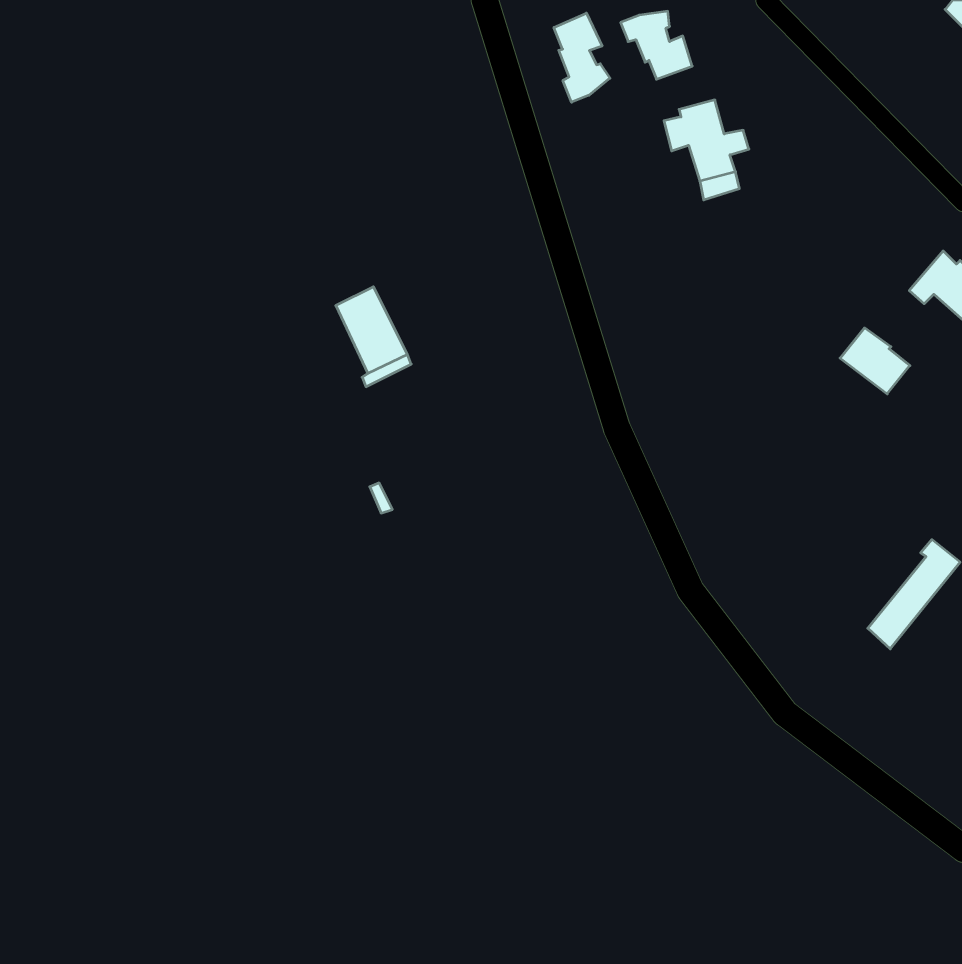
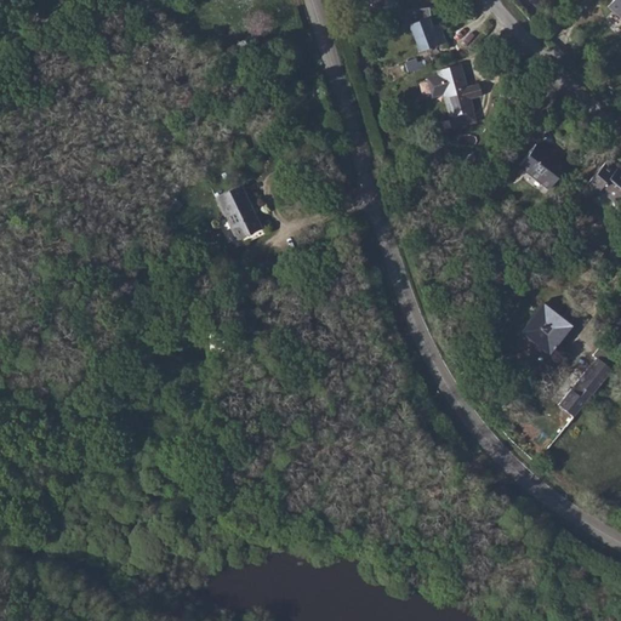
building: [554,13,610,102] -> none
building: [840,328,910,394] -> [520,144,565,187]
building: none -> [522,303,572,354]

